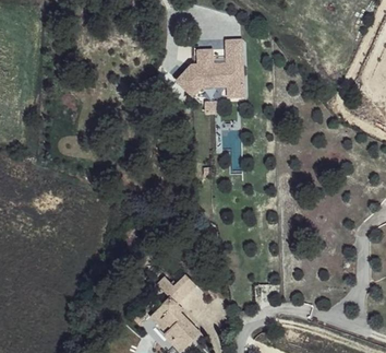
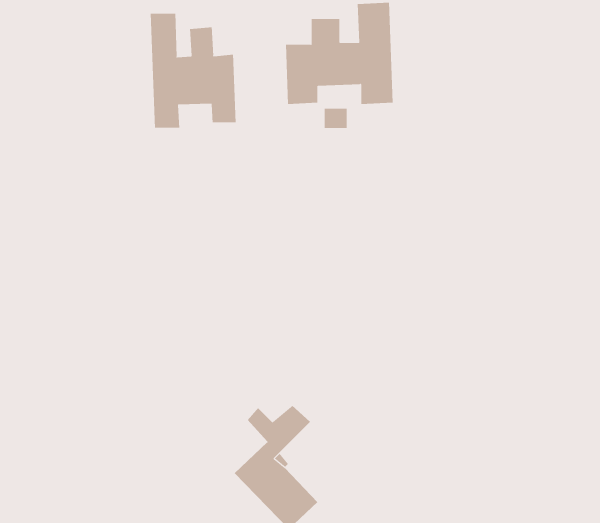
building: none -> [150,13,236,128]

